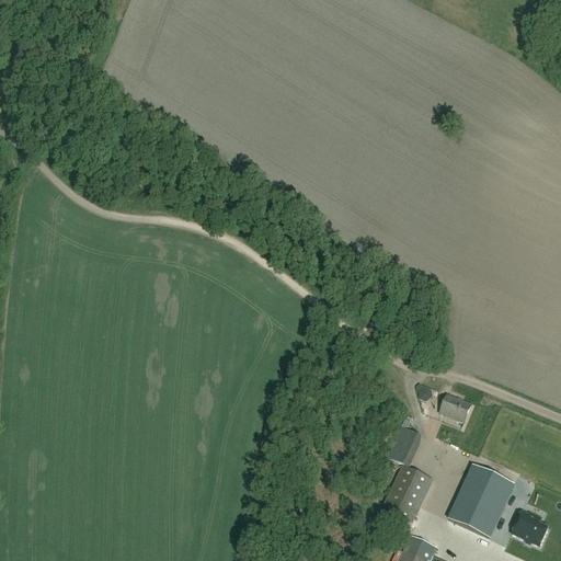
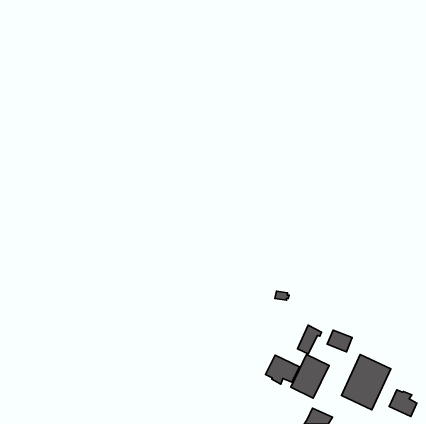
building: [438,393,471,422] -> [327,330,352,352]
building: none -> [266,355,300,384]

